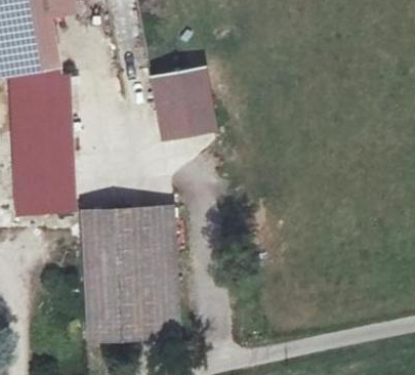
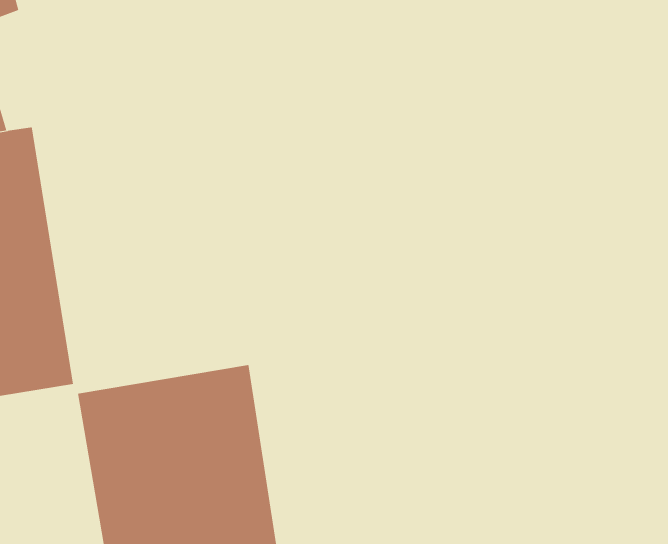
building: [148,70,211,139] -> none

